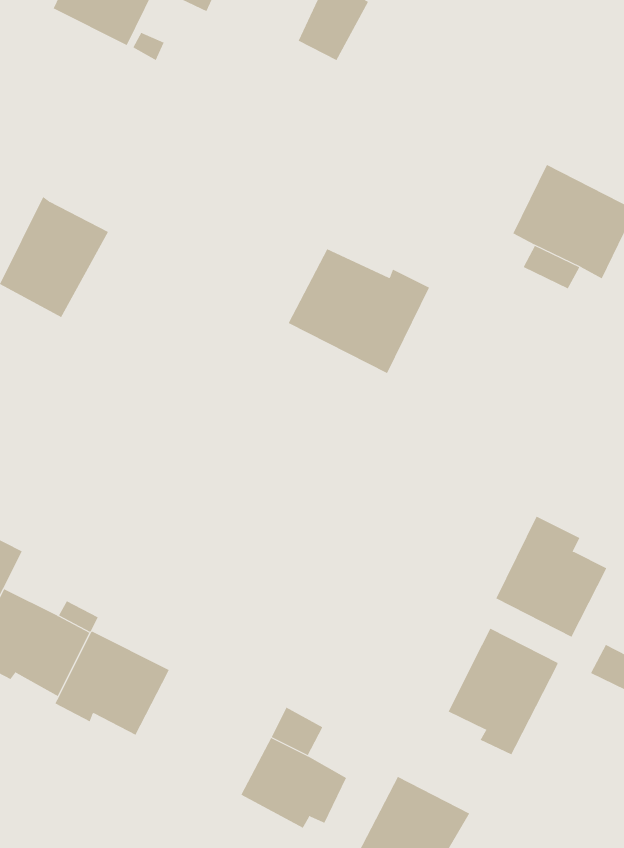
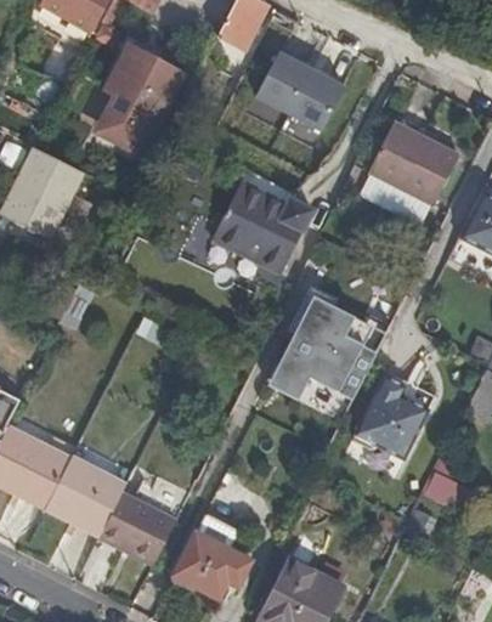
building: none -> [92,43,182,156]
building: none -> [256,52,343,129]
building: none -> [268,288,380,400]
building: [448,628,558,755] -> none
building: none -> [98,494,175,564]

